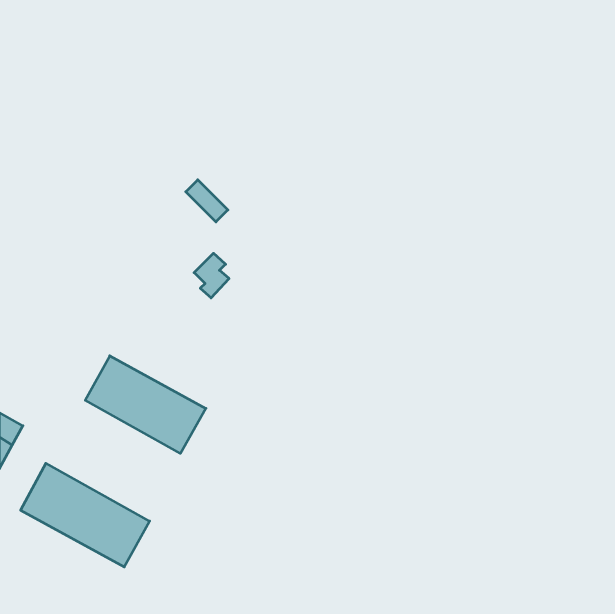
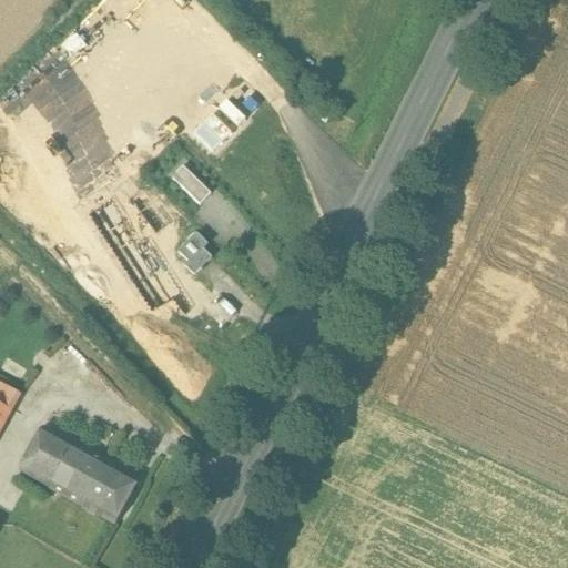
building: [85,356,206,453] -> none

